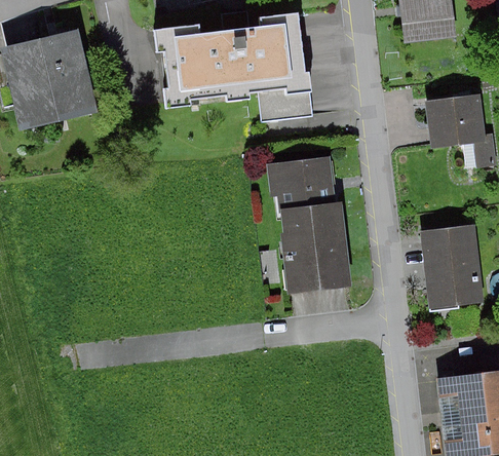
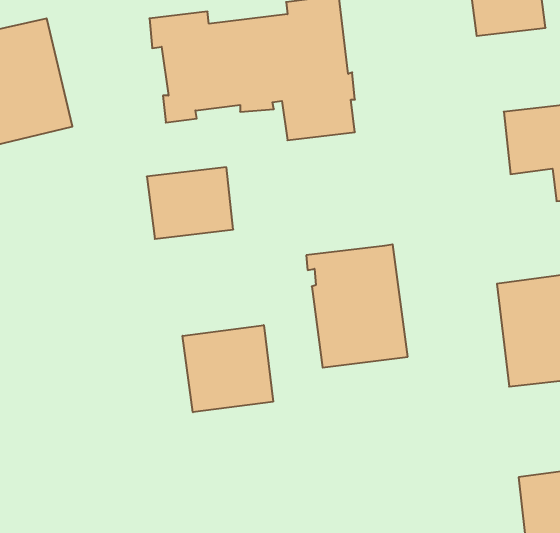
building: [269,154,335,208] -> [147,167,233,239]
building: none -> [183,325,273,412]

